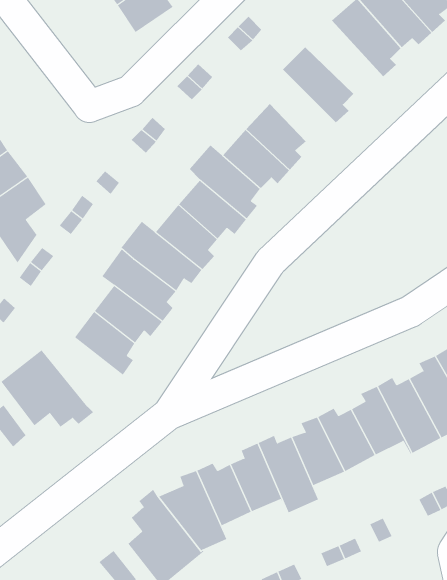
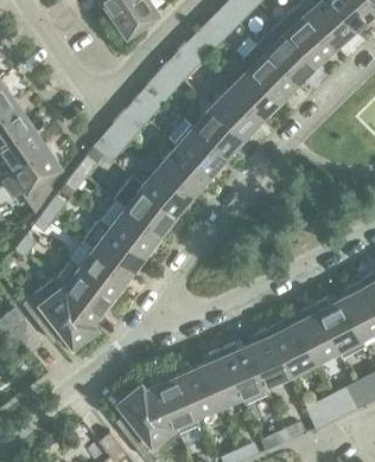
building: none -> [259,24,319,81]
building: none -> [231,70,282,117]
building: none -> [55,263,117,322]

